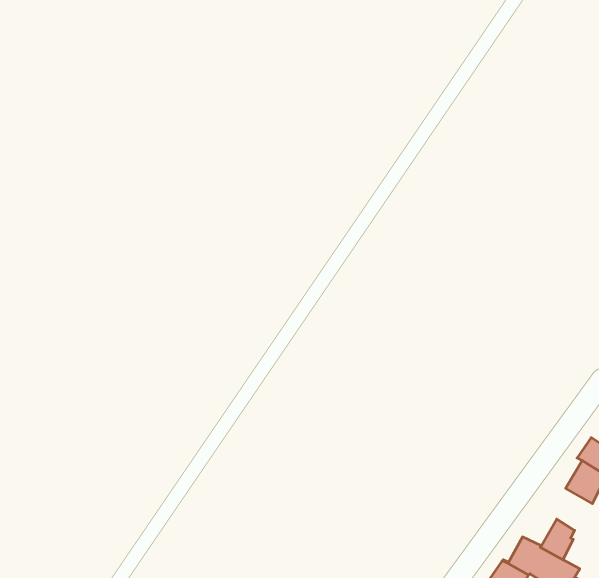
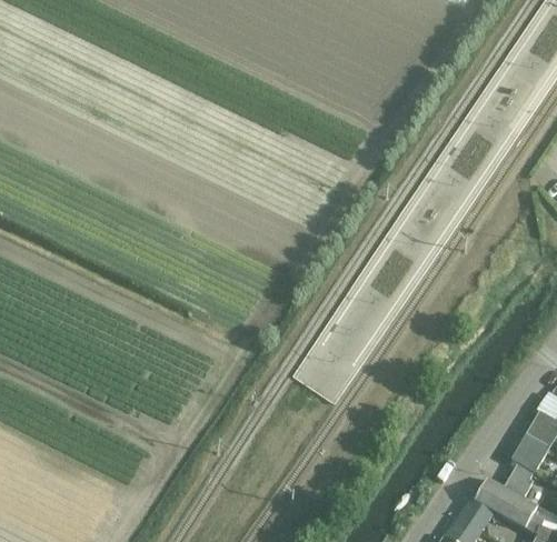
building: none -> [511,435,549,472]

